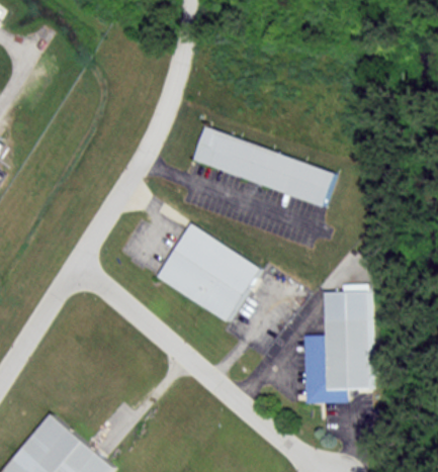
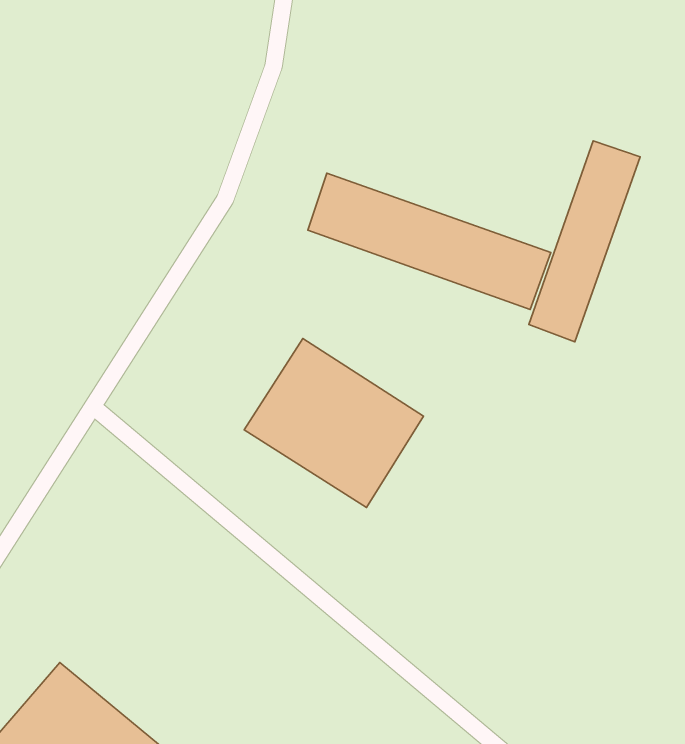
building: none -> [529,141,640,342]
building: [303,292,371,405] -> none

